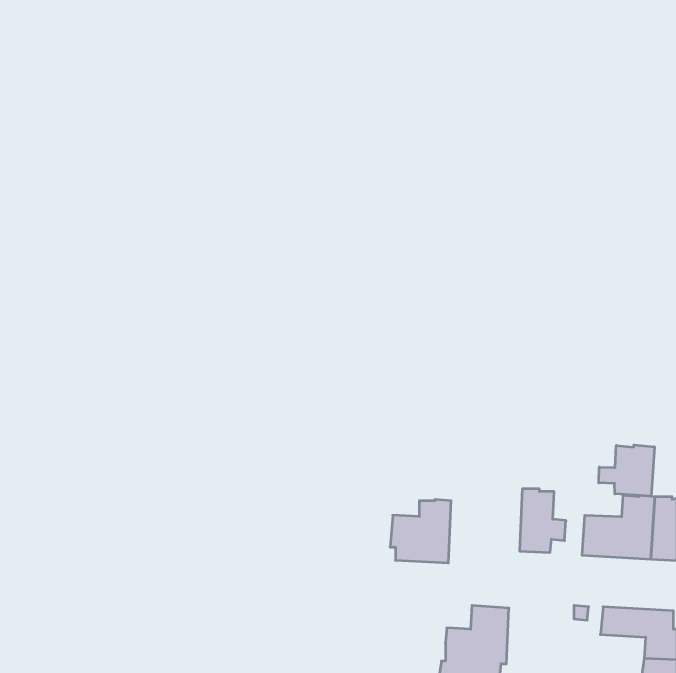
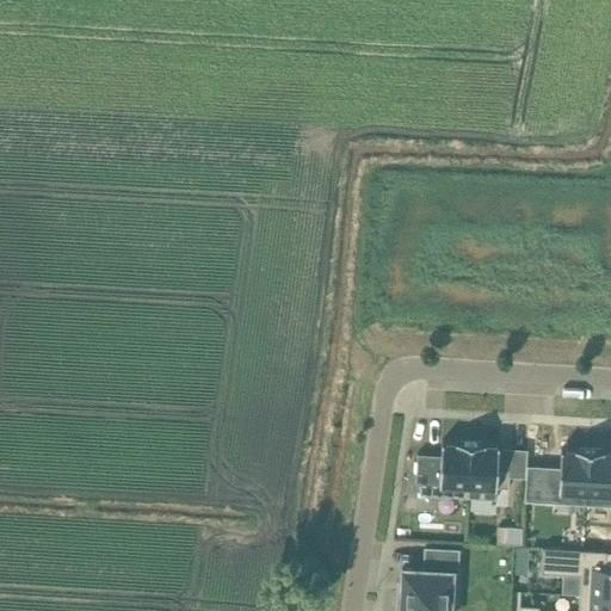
building: [599,445,654,496] -> none
building: [390,499,451,563] -> [416,443,471,500]

